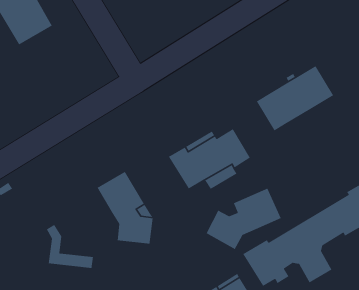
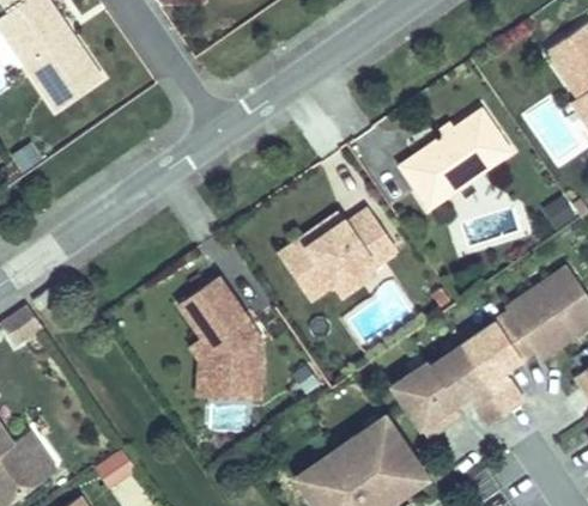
building: [206,187,282,250] -> none
building: [46,224,94,269] -> [188,336,259,397]

